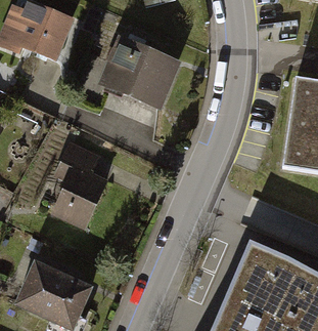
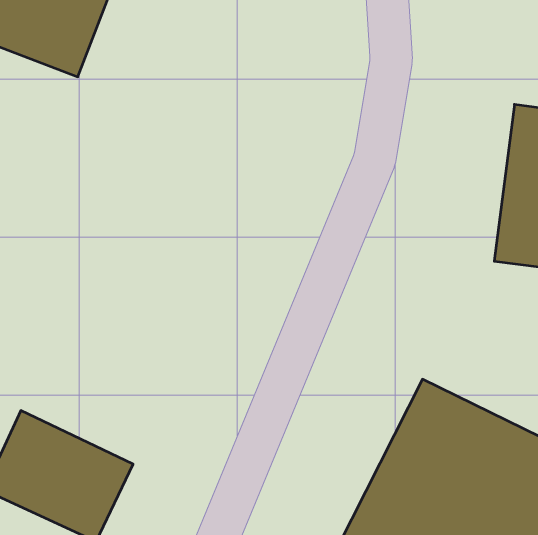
building: [100,38,180,109] -> none
building: [52,140,108,232] -> none

